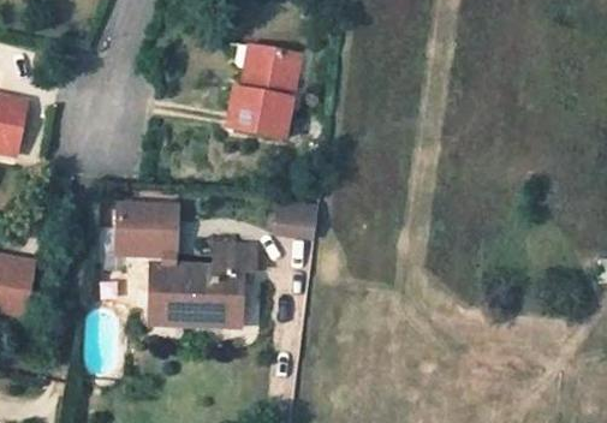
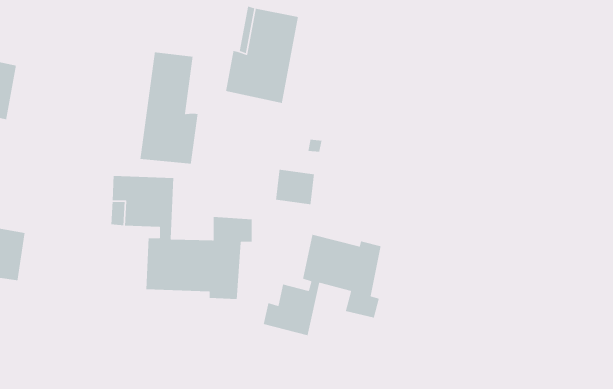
building: none -> [139,52,199,165]
building: none -> [263,234,382,336]

